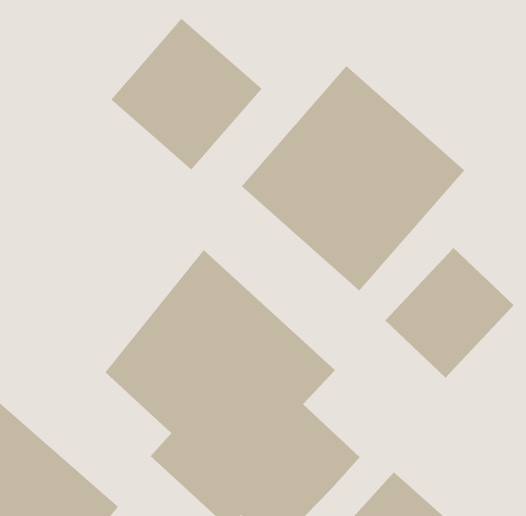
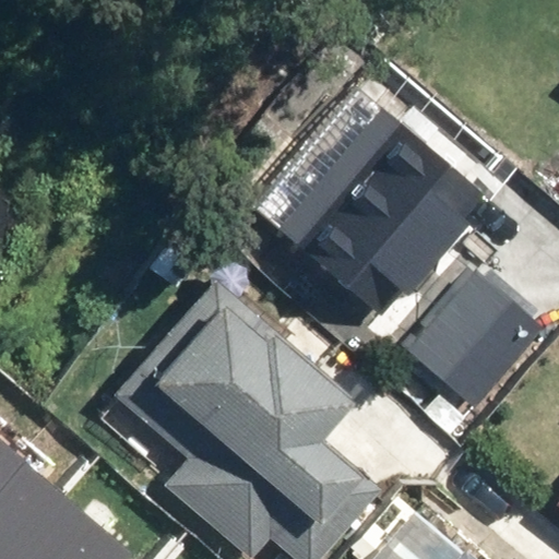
building: [110,18,262,170] -> none

